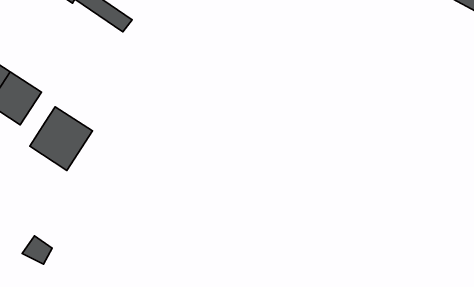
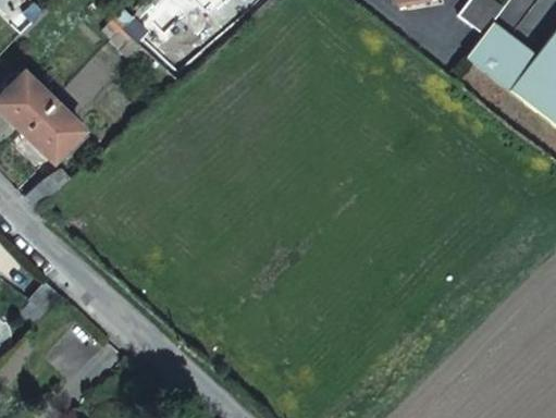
building: [30,107,92,170] -> none

